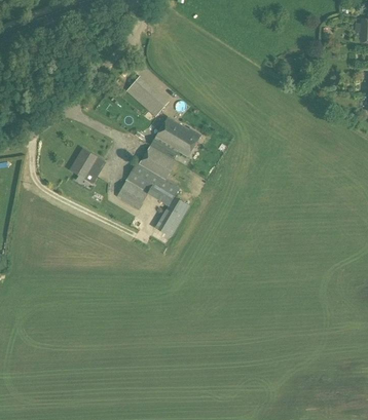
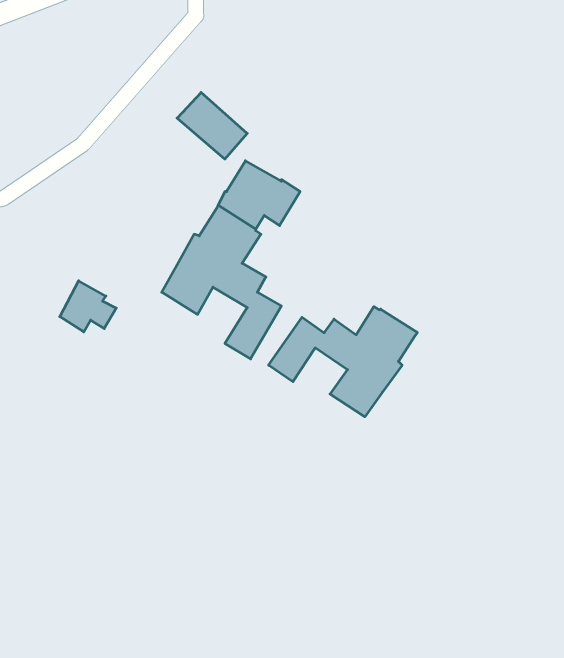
building: [71,148,105,179] -> [60,281,116,332]
building: none -> [269,307,417,417]

